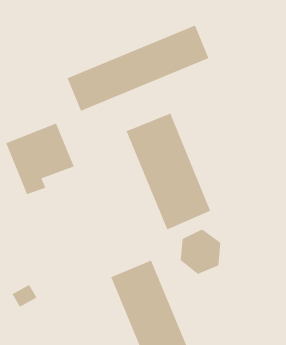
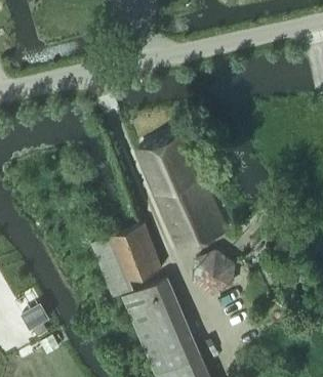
building: [67,24,210,112] -> none
building: [5,123,75,195] -> [92,224,163,298]

